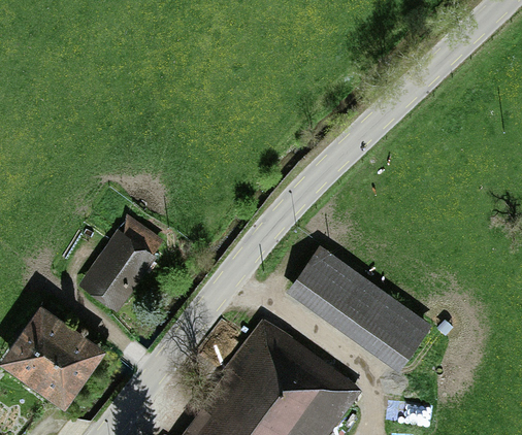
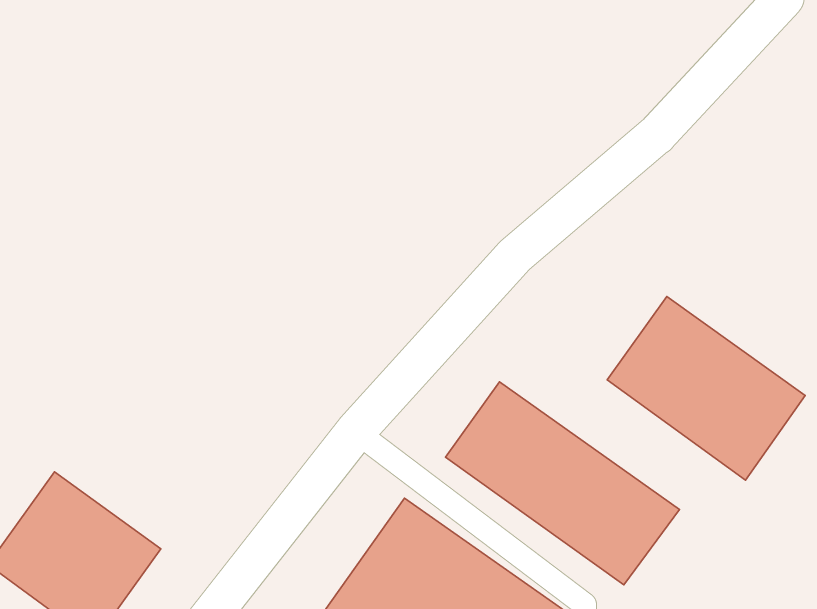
building: none -> [607,296,805,480]
building: [76,214,163,314] -> none

